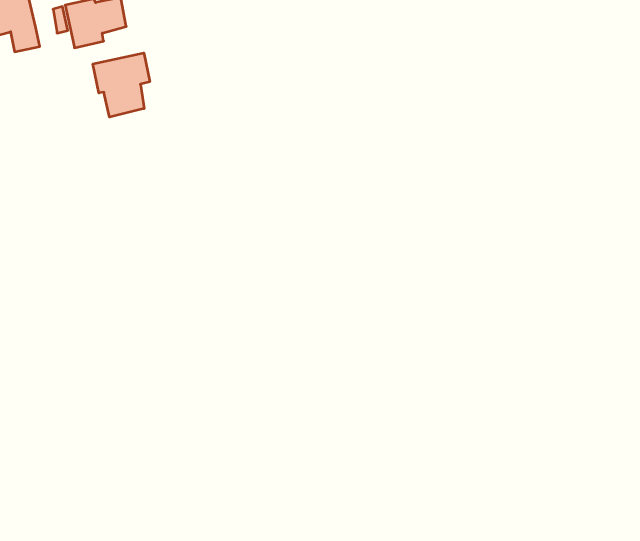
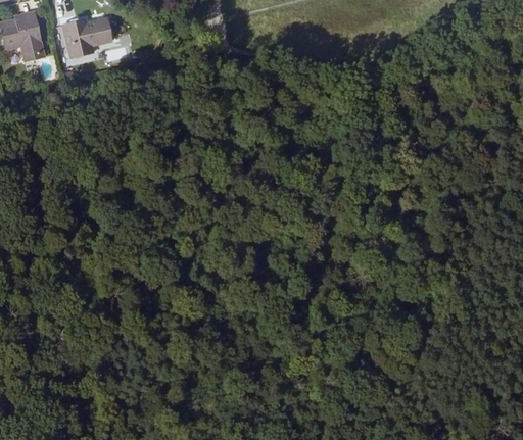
building: [93,53,150,117] -> none

